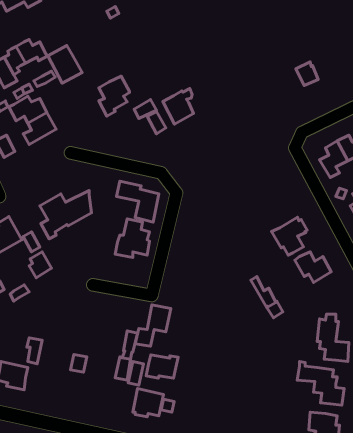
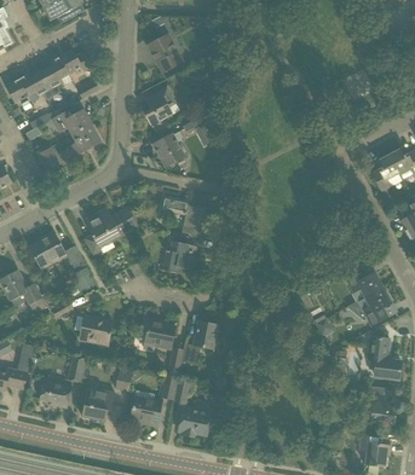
building: [48,45,82,83] -> [148,33,183,71]
building: [163,89,193,124] -> [152,129,184,166]
building: [272,217,307,255] -> [356,286,392,325]
building: none -> [79,313,113,343]
building: none -> [139,315,175,351]
building: [146,355,178,378] -> [129,396,162,421]
building: none -> [81,386,115,419]

